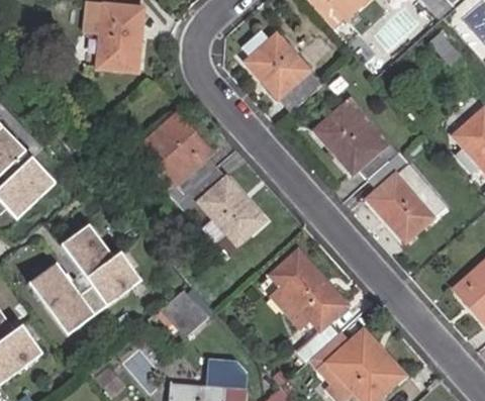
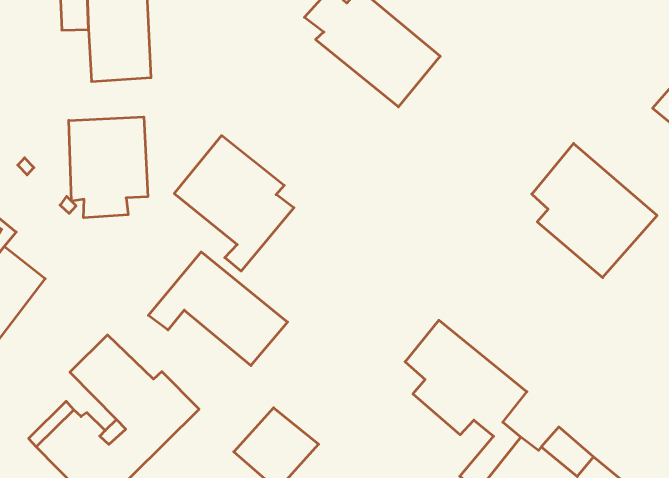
building: none -> [69,117,148,218]
building: [316,106,399,180] -> none
building: [176,167,264,243] -> [148,252,288,366]

